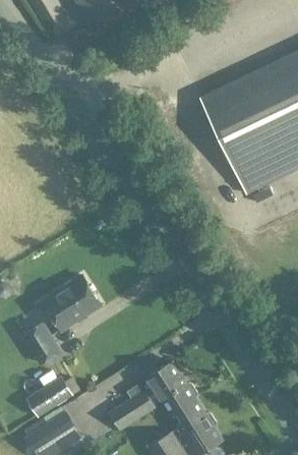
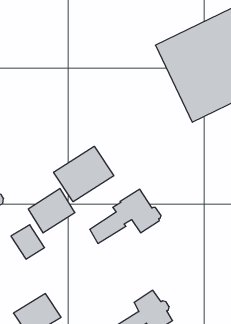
building: none -> [54,146,114,202]
building: [111,363,199,431] -> [90,189,161,243]
building: [26,375,80,416] -> none

